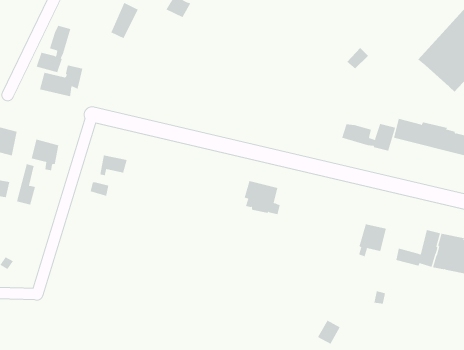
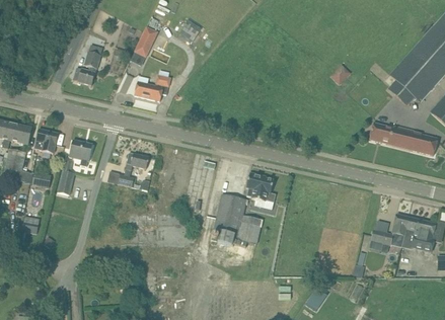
building: [39,65,83,97] -> [134,75,170,101]
building: [341,123,396,152] -> none
building: none -> [213,193,263,247]
building: [359,223,386,257] -> none

